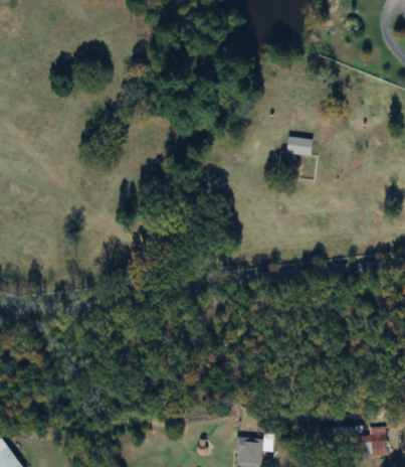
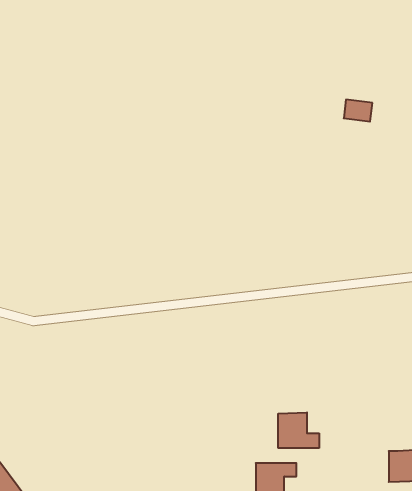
building: [286,136,313,156] -> [344,100,372,122]
building: none -> [278,412,319,448]

